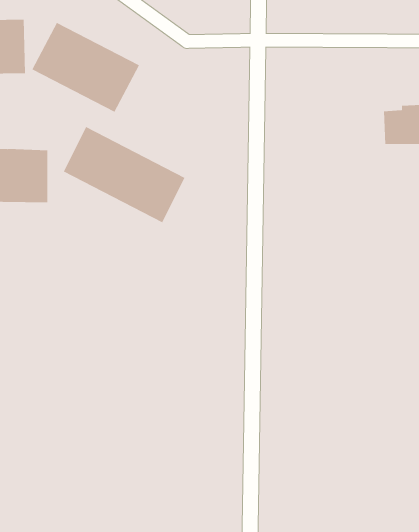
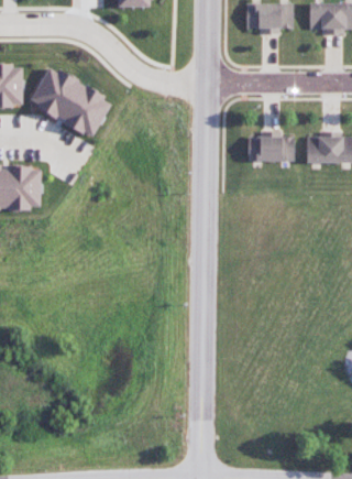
building: none -> [246,131,294,162]
building: [63,126,185,223] -> none

